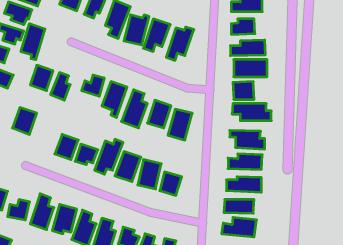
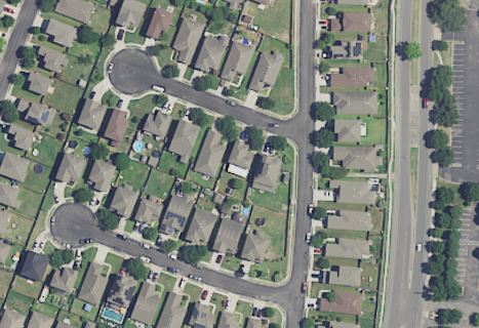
building: [21,24,45,60] -> none
building: none -> [87,159,117,193]

